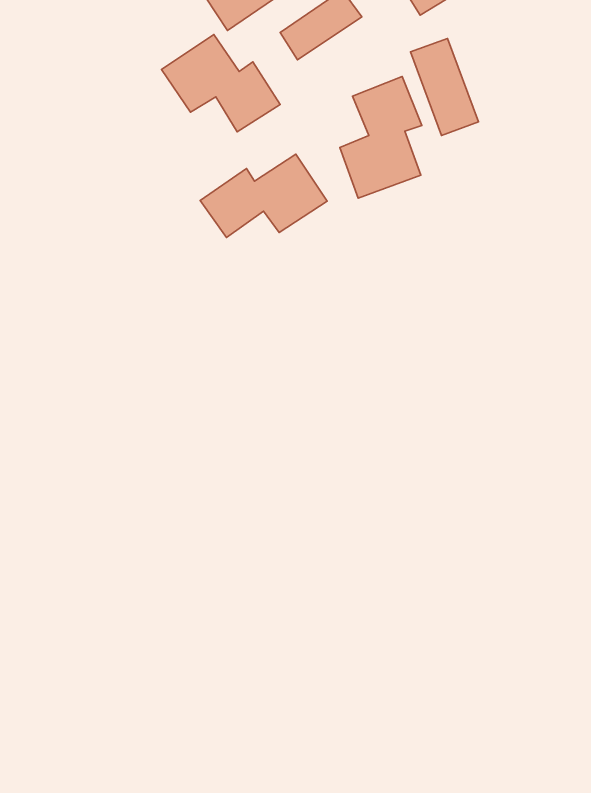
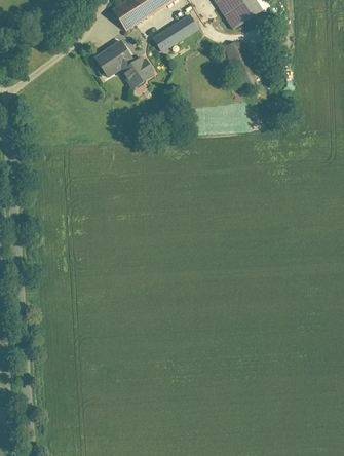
building: [340,76,422,198] -> none
building: [200,154,327,238] -> none

